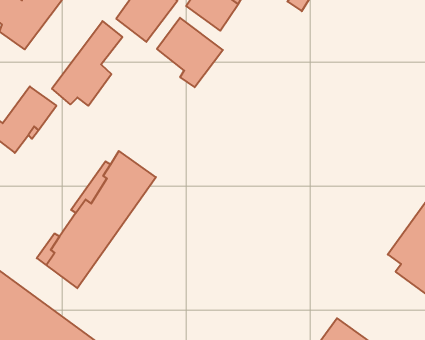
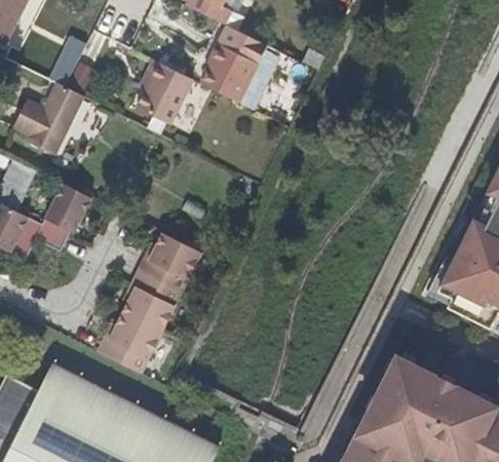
building: [157,18,223,87] -> none
building: [52,21,122,106] -> none

